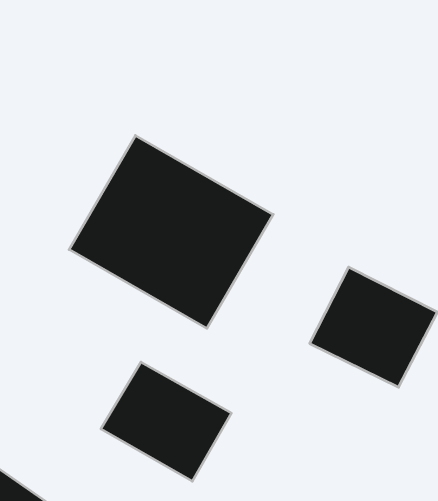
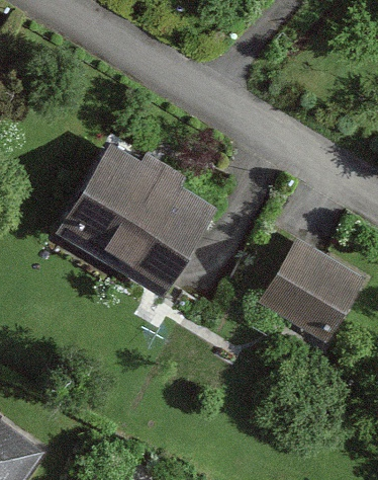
building: [101,362,231,481] -> none

